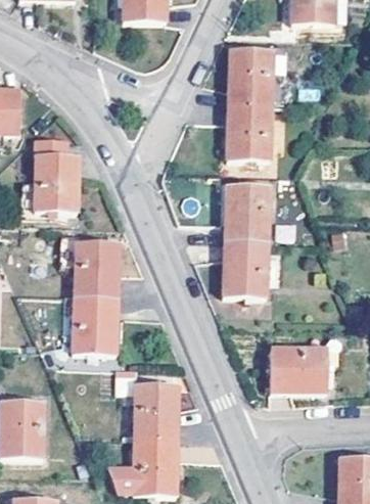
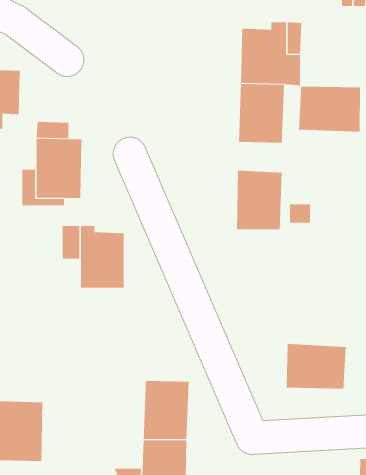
building: none -> [298,86,361,133]
building: [222,240,266,295] -> none
building: [76,295,119,352] -> none

